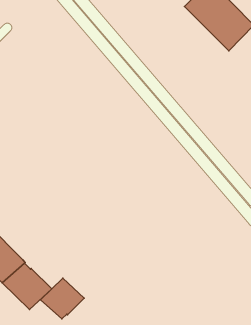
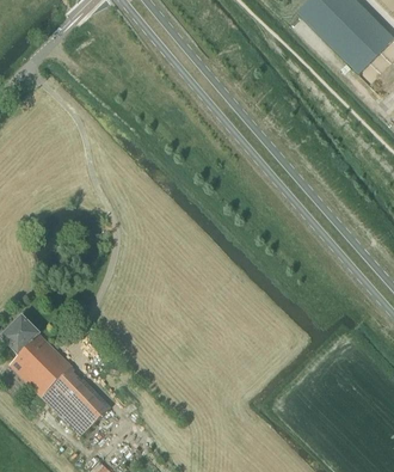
building: [41,278,84,319] -> none

